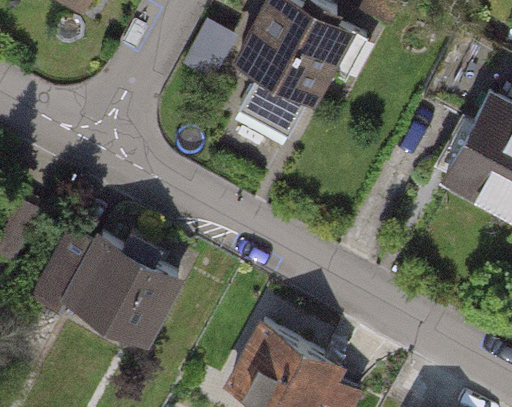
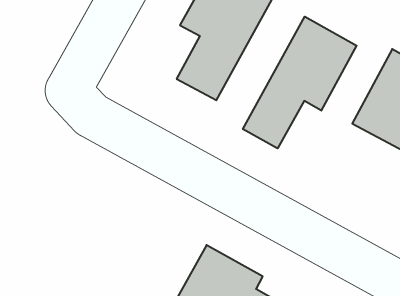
building: none -> [243,17,357,148]
building: [60,235,181,345] -> none

